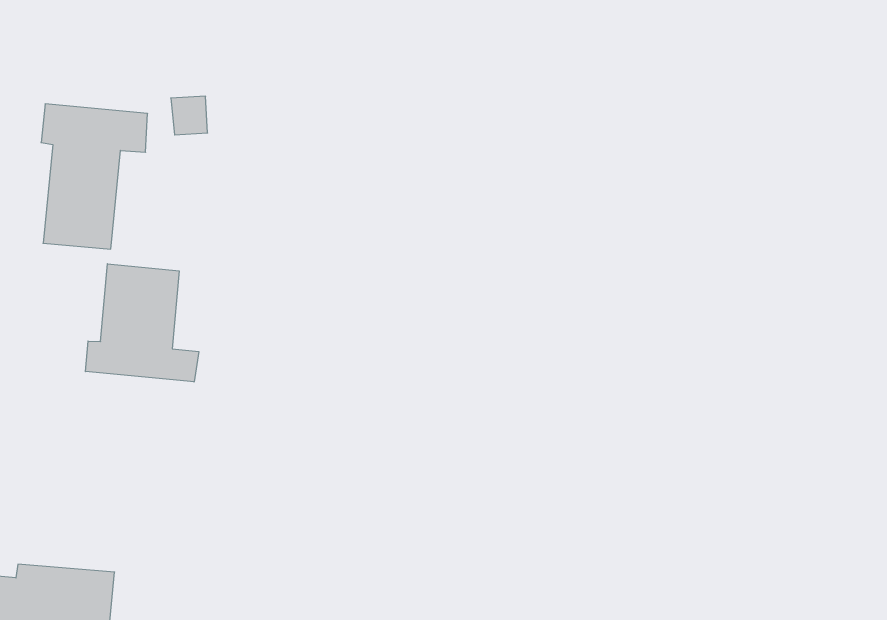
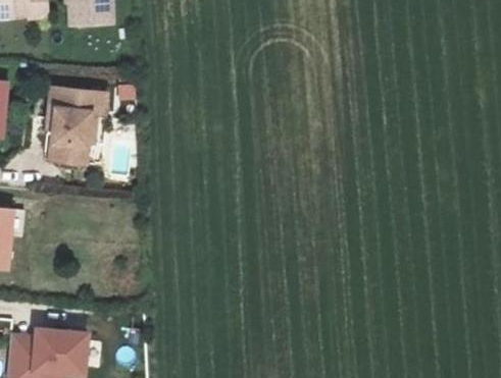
building: [85,264,199,382] -> none

